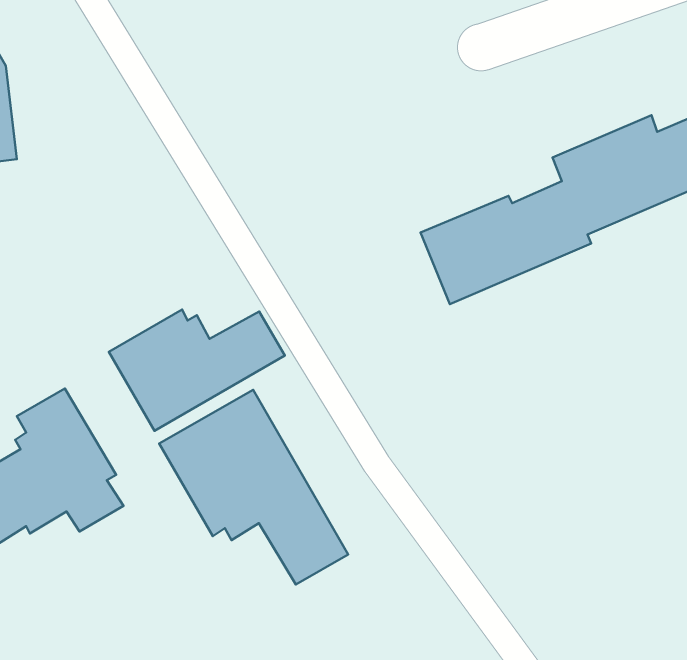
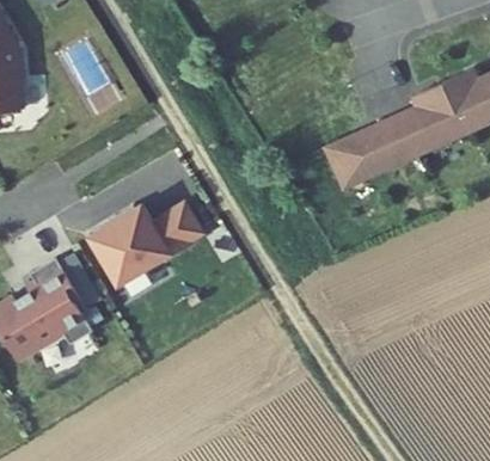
building: [159,390,348,585] -> none

